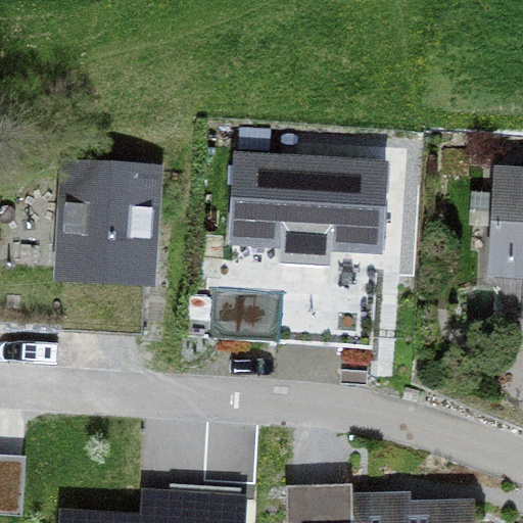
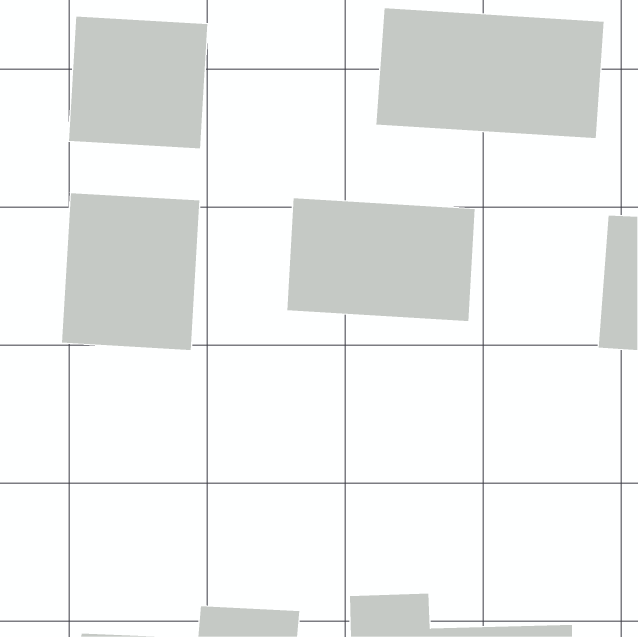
building: none -> [376,7,604,139]
building: none -> [69,16,208,149]

